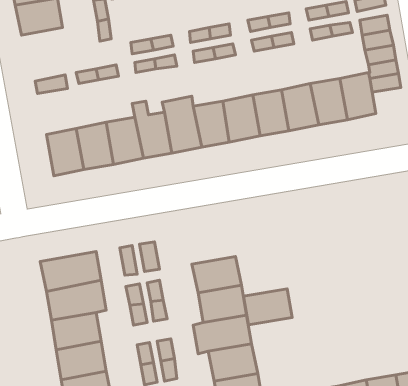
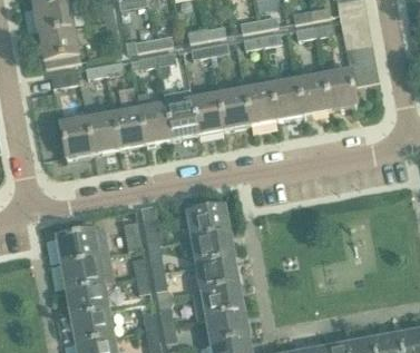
building: none -> [37,27,79,68]
building: [244,289,292,325] -> [185,206,228,238]

